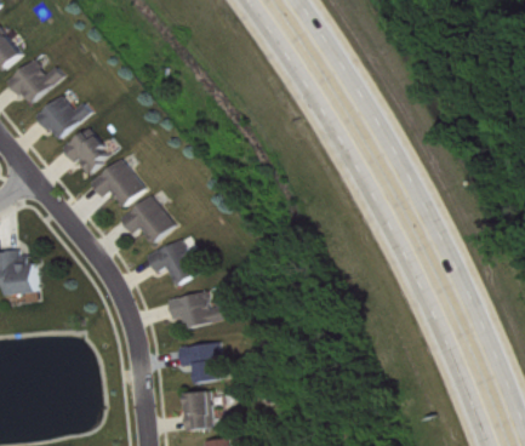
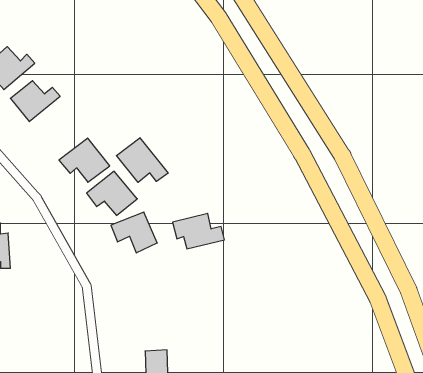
building: [63,128,108,175] -> none
building: none -> [116,138,168,182]
building: [166,291,223,330] -> [173,213,224,249]
building: [178,343,219,383] -> none

